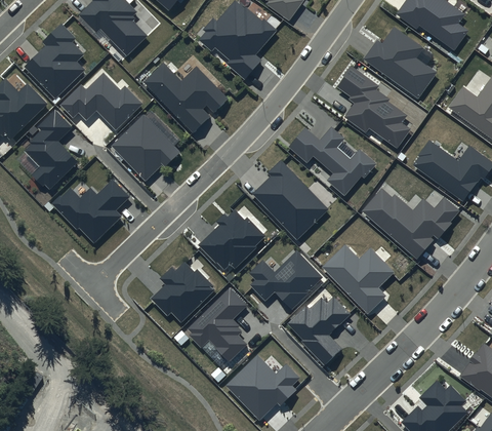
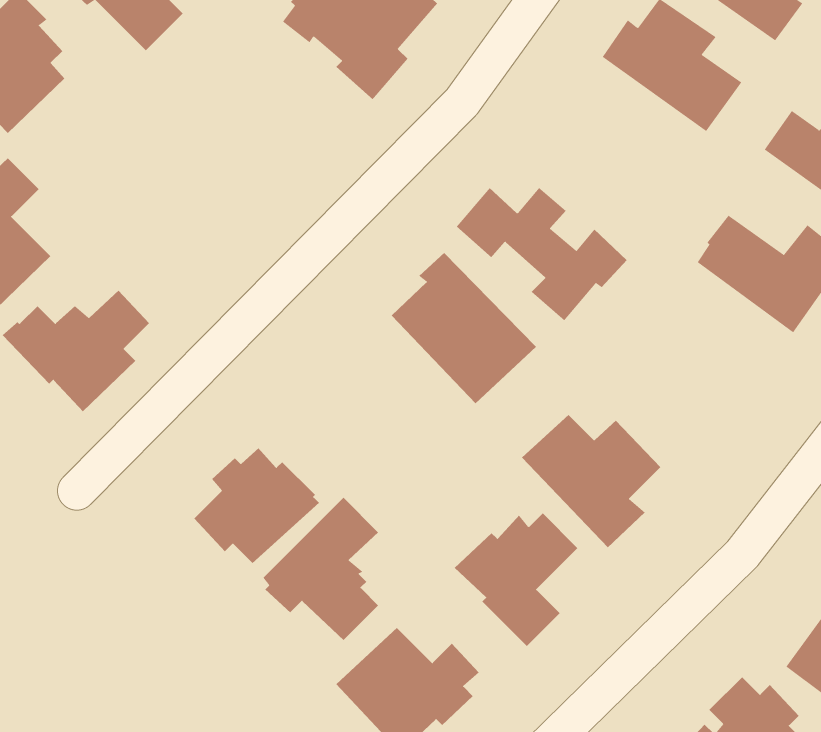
building: [145,64,229,132] -> none
building: [336,66,411,149] -> none
building: [60,72,144,130] -> none
building: [111,115,180,182] -> none
building: [362,188,460,259] -> none
building: [199,210,266,270] -> none
building: [249,248,324,308] -> none

